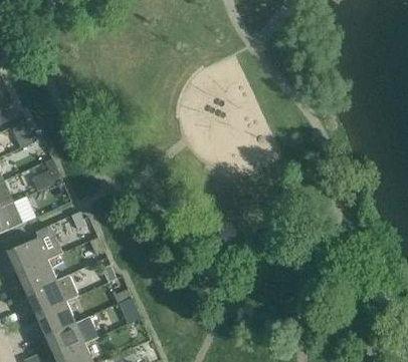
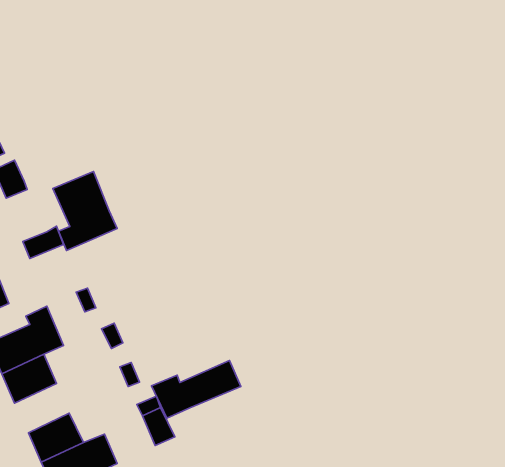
building: none -> [53,172,117,251]
building: none -> [152,360,241,418]
building: [26,276,77,316] -> none

